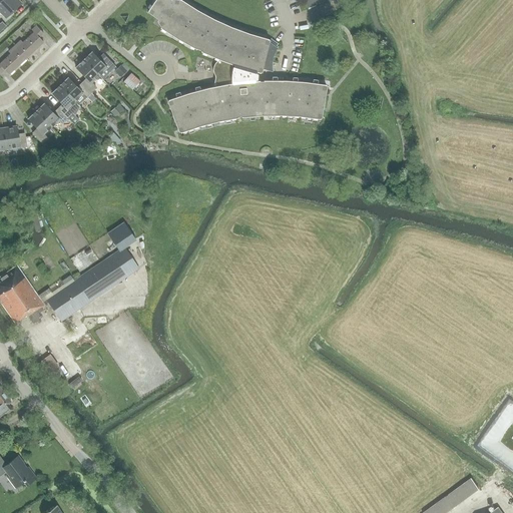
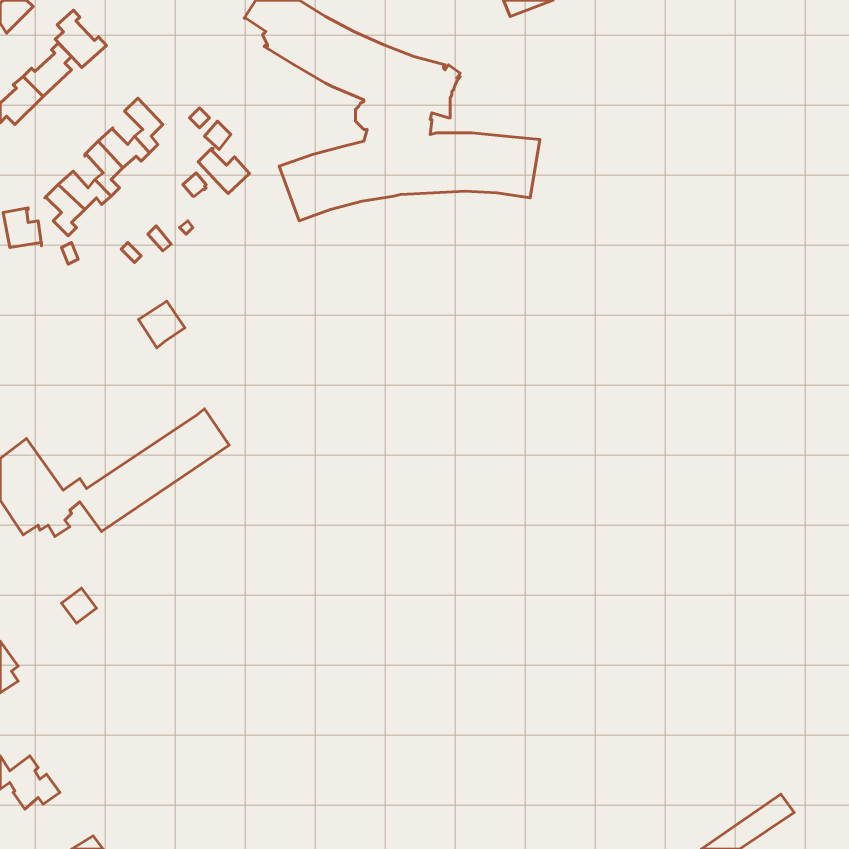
building: none -> [55,10,106,68]
building: [83,51,114,78] -> [198,149,250,193]
building: [107,222,135,250] -> [138,301,185,348]

